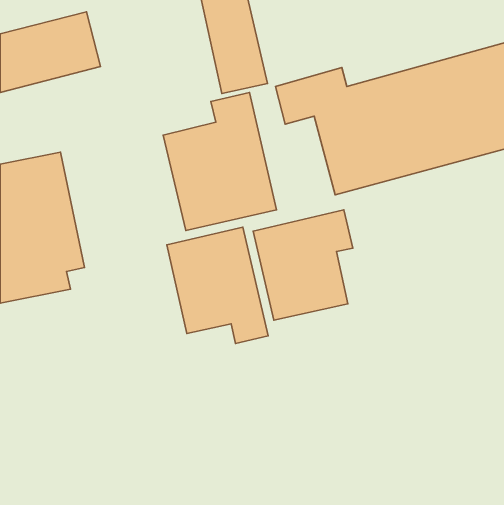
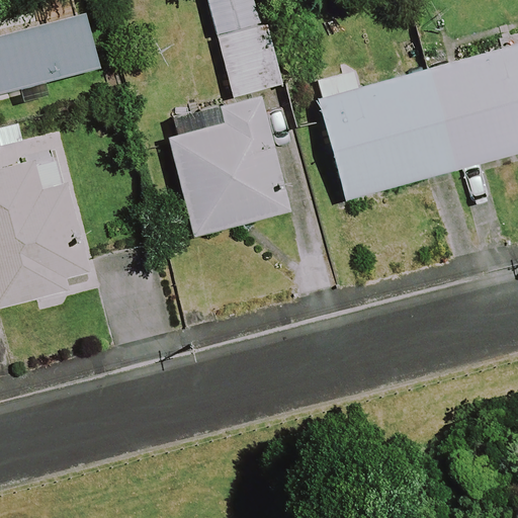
building: [253,210,353,320] -> none
building: [167,227,268,343] -> none

